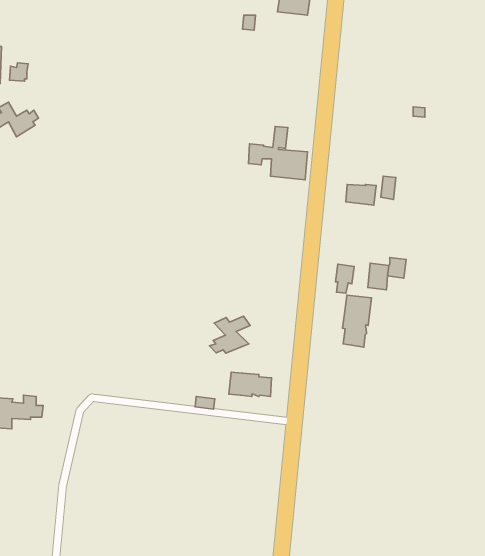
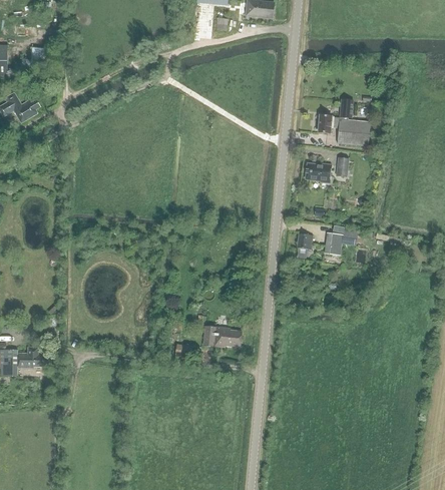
building: [248,126,308,180] -> [318,99,369,145]
building: [343,295,372,347] -> none
building: [210,316,250,353] -> none

